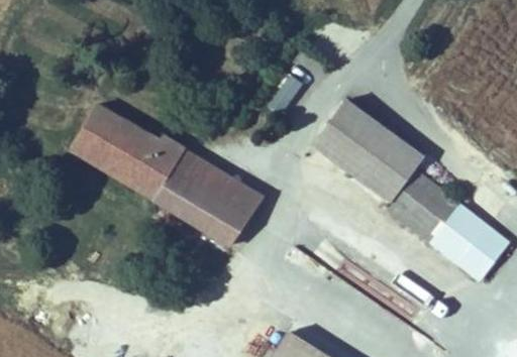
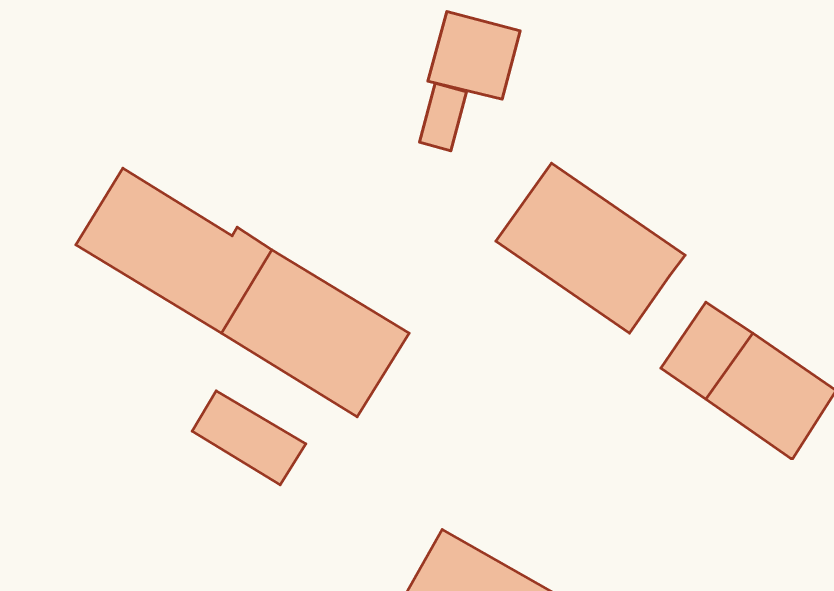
building: none -> [428,11,520,99]
building: [392,173,439,227] -> none
building: none -> [192,391,306,485]

